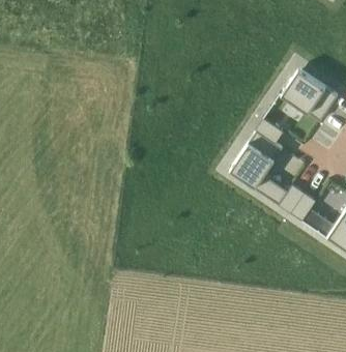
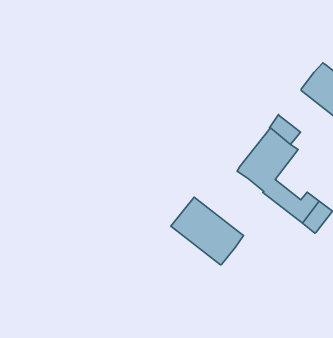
building: none -> [171,197,243,265]

